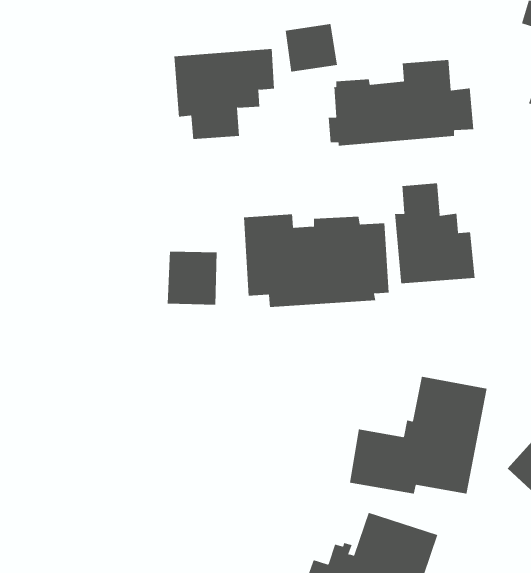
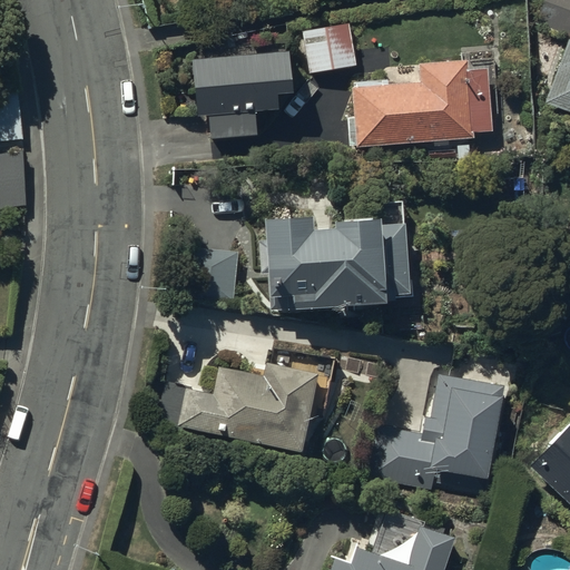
building: [395,182,475,284] -> none
building: none -> [159,364,321,451]

